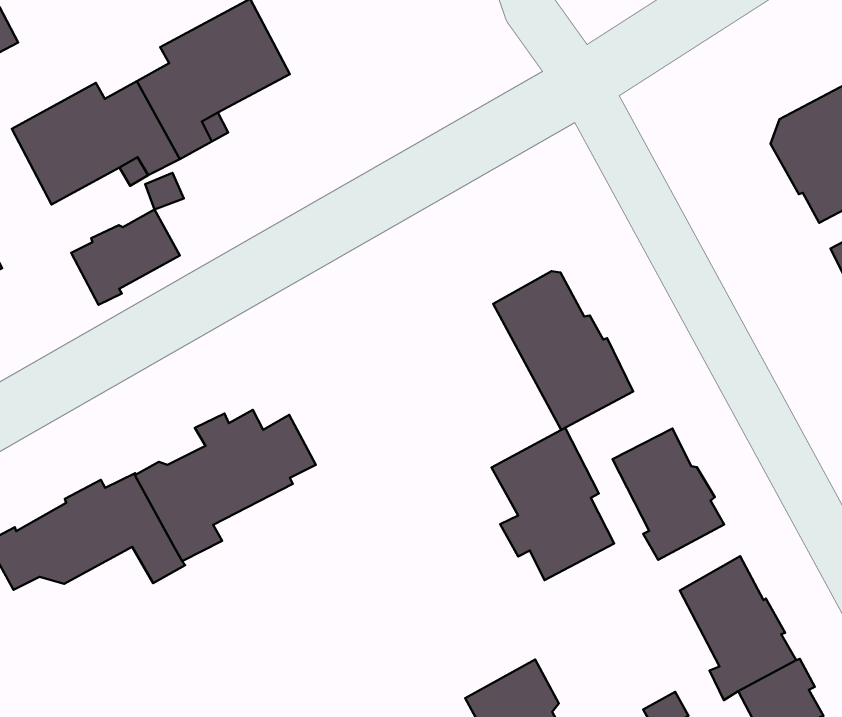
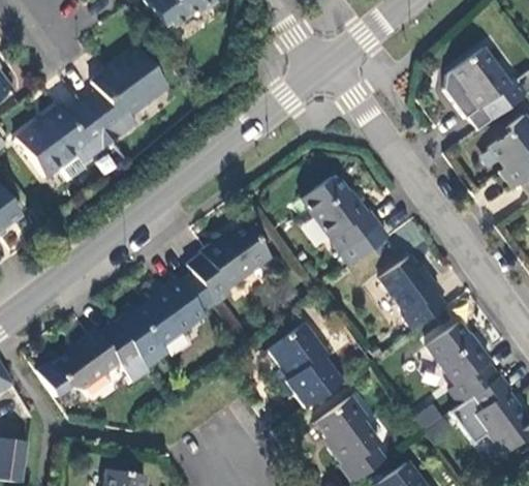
building: [71,209,180,305] -> none
building: none -> [187,221,271,305]
building: [491,428,614,580] -> [268,321,342,407]

